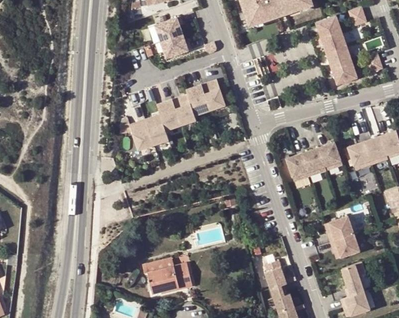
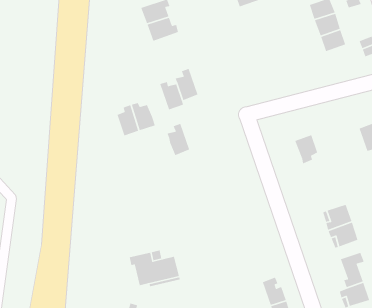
building: [331,61,356,84] -> none
building: [200,81,224,109] -> none
building: [157,98,180,130] -> [166,123,190,156]
building: [318,141,340,170] -> none
building: [346,141,371,168] -> none
building: [285,153,309,179] -> none
building: [263,260,286,289] -> none

